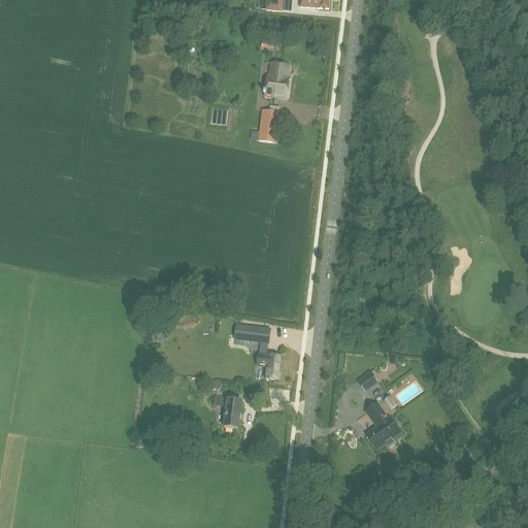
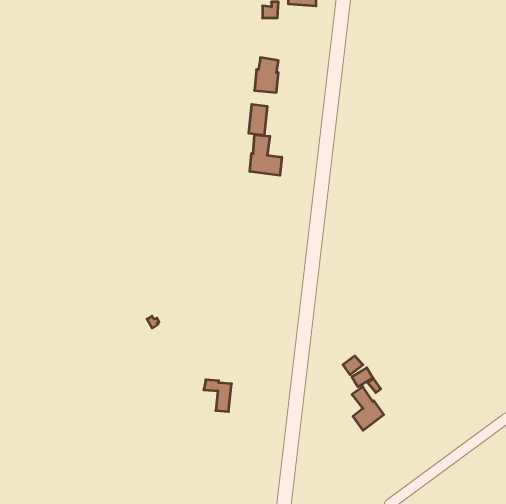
building: none -> [250,135,282,175]
building: [238,324,279,377] -> none

